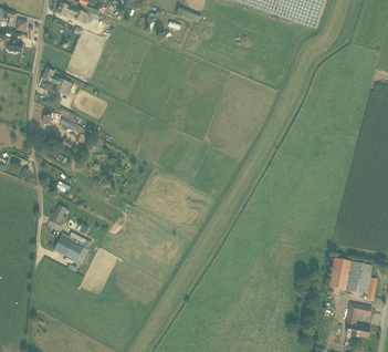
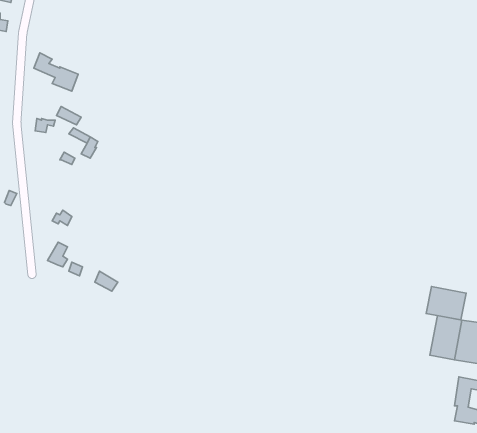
building: [53,230,86,260] -> none
building: none -> [426,287,466,320]

